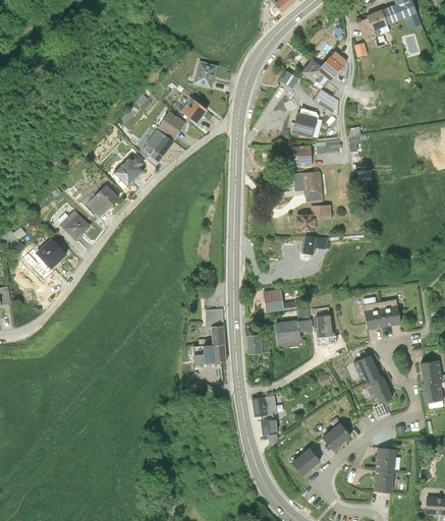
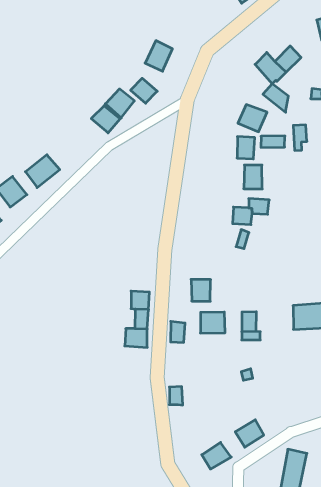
building: [114,157,143,185] -> none
building: [353,354,394,404] -> none
building: [261,396,279,437] -> none

